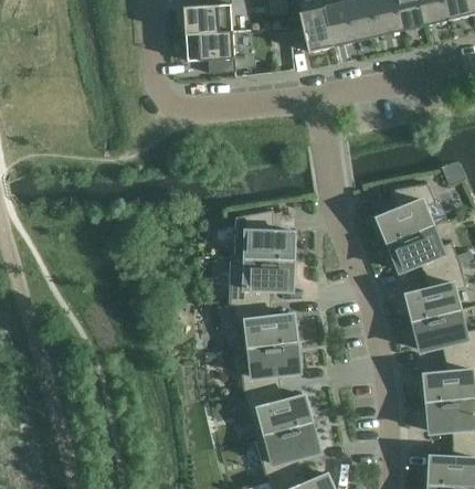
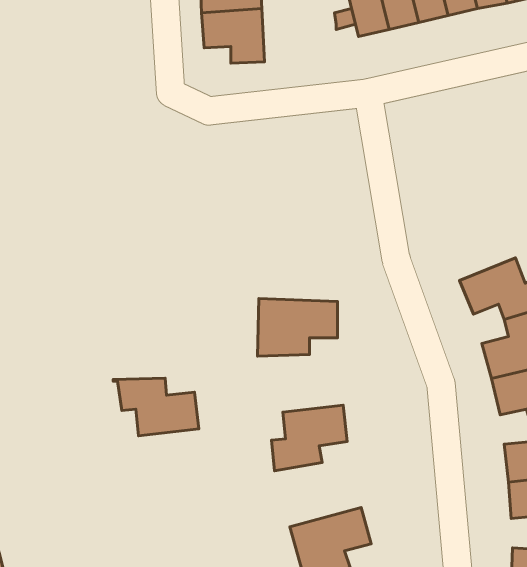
building: [377,184,434,245] -> none
building: [230,211,293,262] -> none
building: [229,304,296,349] -> [113,378,199,436]
building: [242,389,310,439] -> none

